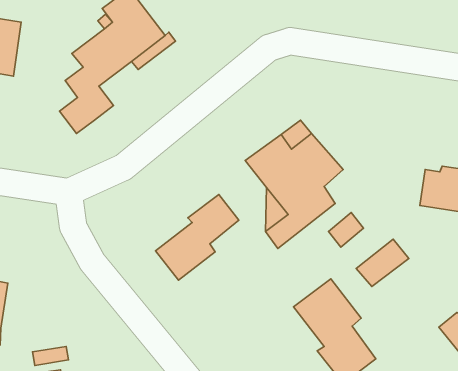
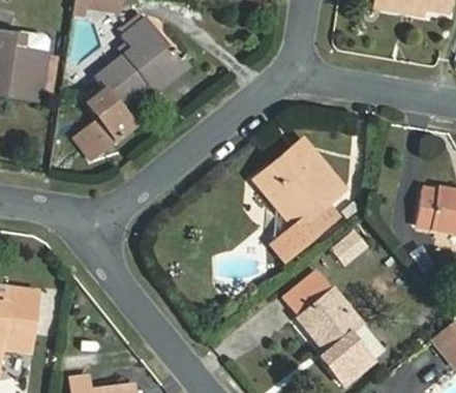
building: [155,194,239,280] -> none
building: [356,239,409,287] -> [284,271,333,314]

